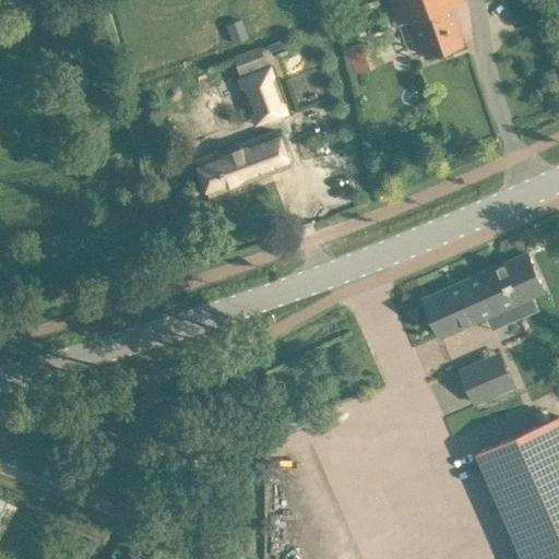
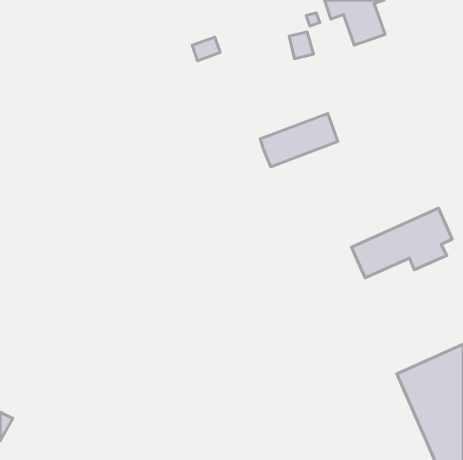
building: [236,68,288,129] -> none
building: [194,133,288,198] -> [260,113,338,167]
building: [461,361,500,404] -> none

